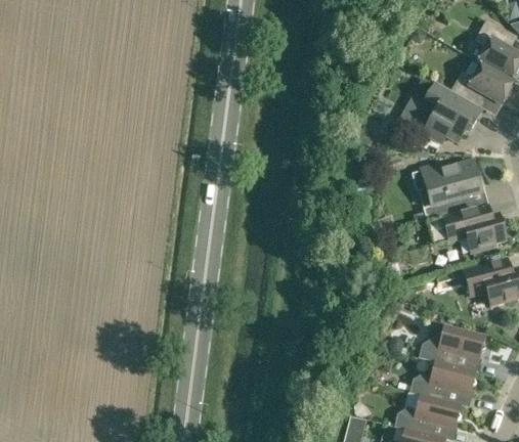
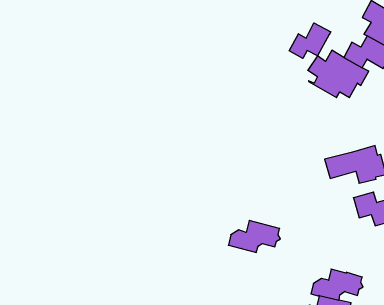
building: none -> [289,23,331,58]
building: [421,162,481,222] -> none
building: [418,326,484,367] -> [228,220,280,252]

